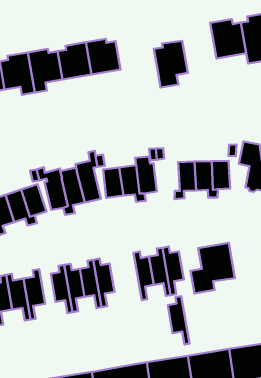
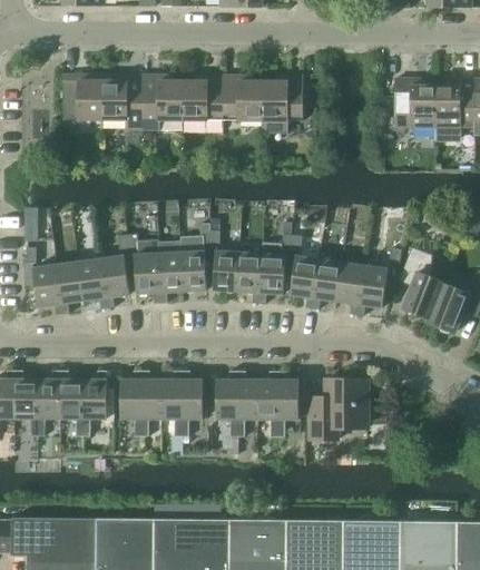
building: [154,41,188,88] -> [263,77,303,136]
building: none -> [291,256,319,298]
building: [168,296,189,344] -> [217,371,237,436]

